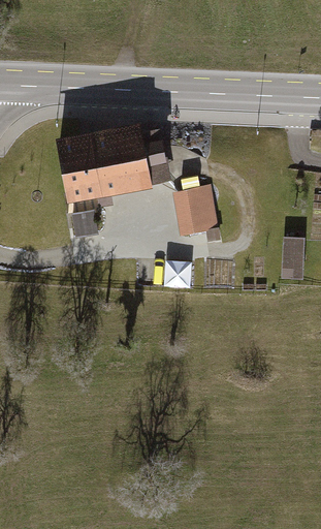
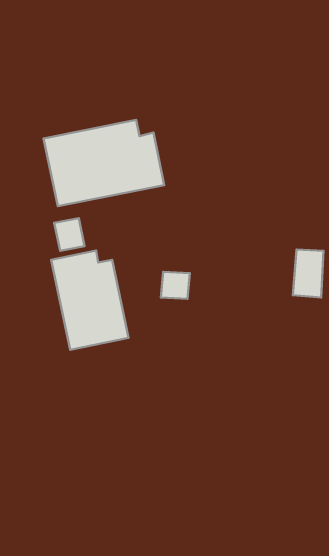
building: [172,187,220,242] -> none
building: none -> [51,250,128,350]

